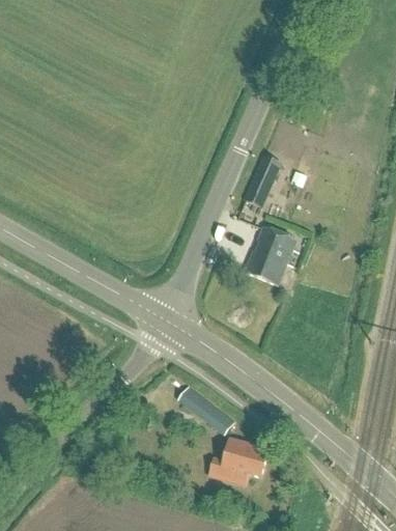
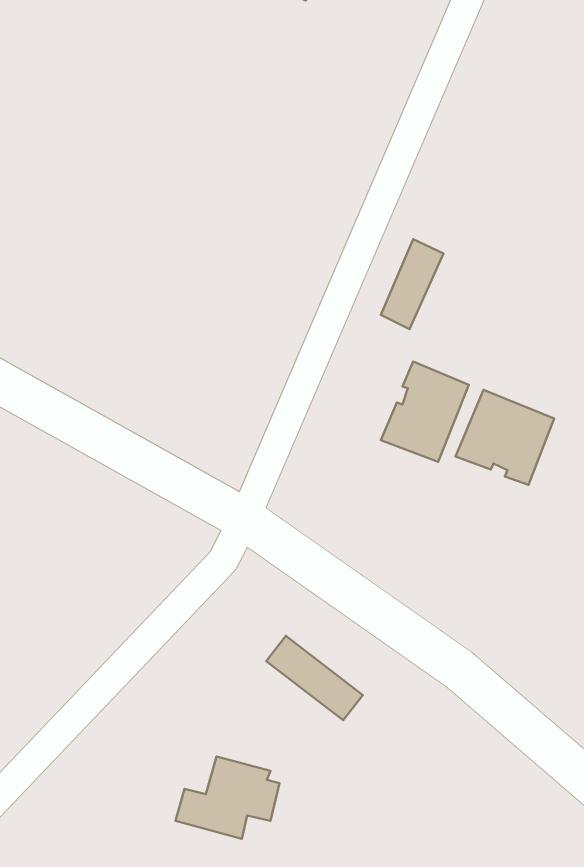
building: none -> [455,390,554,485]
building: [207,439,267,486] -> [175,756,279,839]

